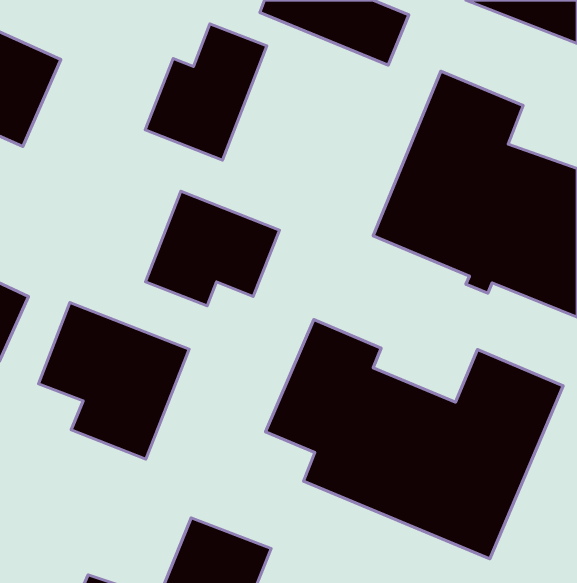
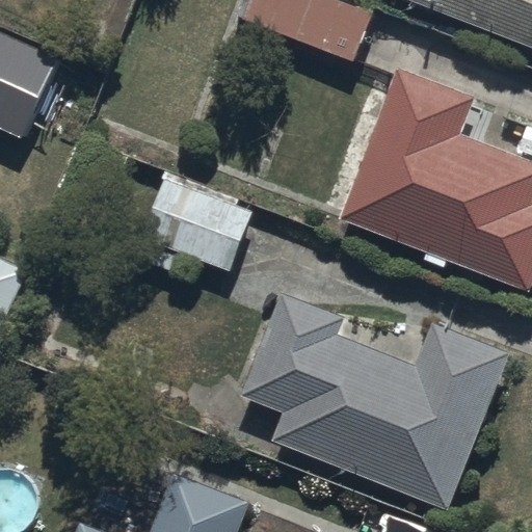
building: [145,24,267,160] -> none
building: [38,303,189,459] -> none

